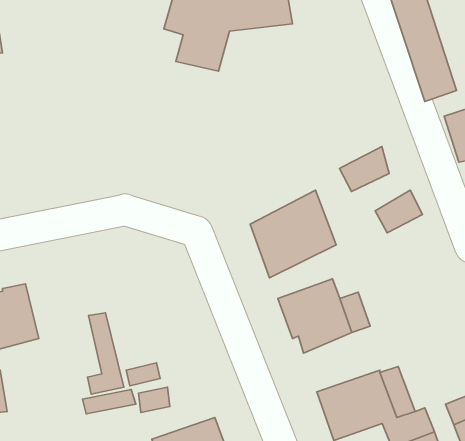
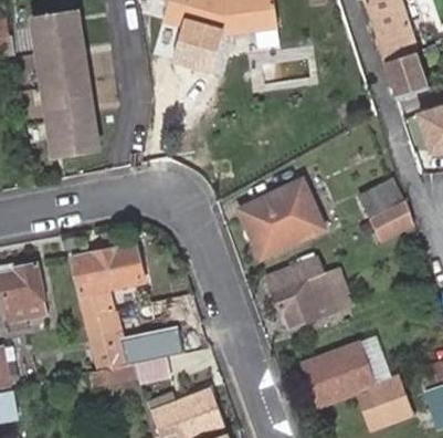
building: none -> [32,12,99,155]
building: [339,147,389,192] -> [363,199,409,240]
building: none -> [71,248,144,350]

